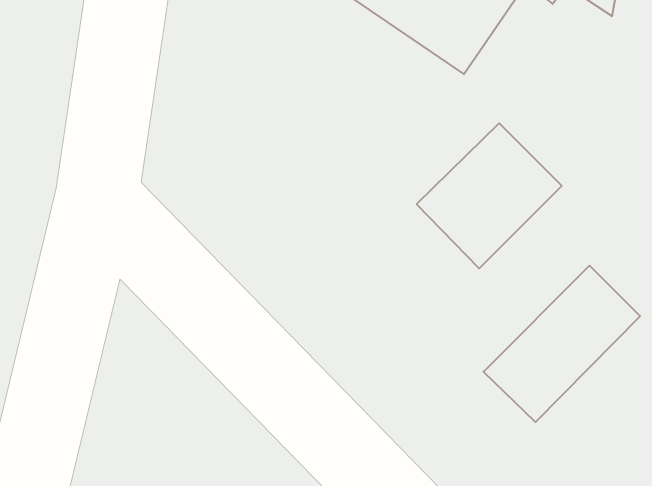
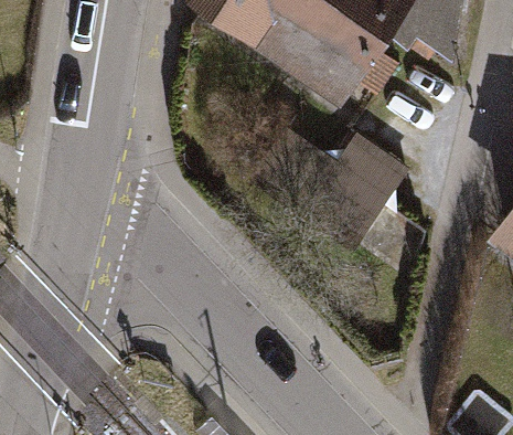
building: [483,266,640,422] -> none

